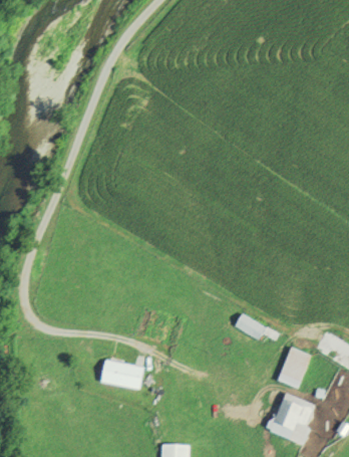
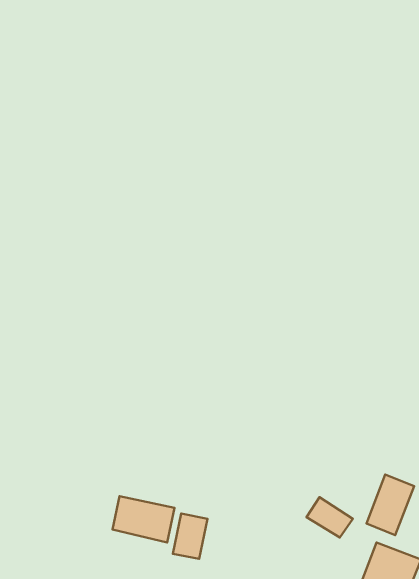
building: [234,311,266,339] -> [307,497,353,538]
building: none -> [173,514,207,559]

